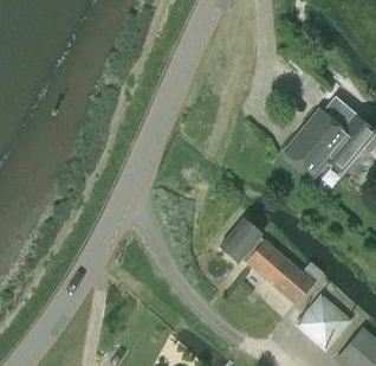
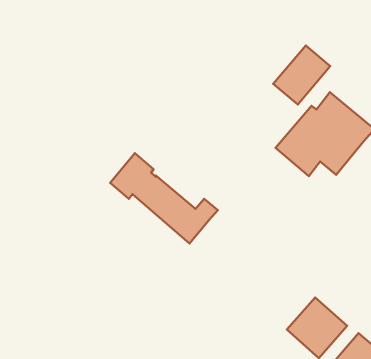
building: none -> [273,45,330,105]
building: [221,219,324,306] -> [110,153,218,243]

